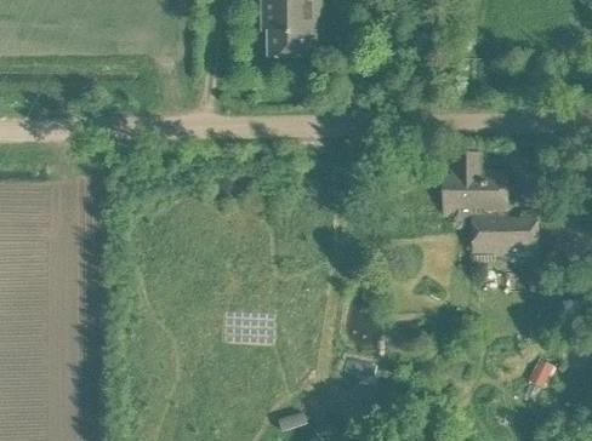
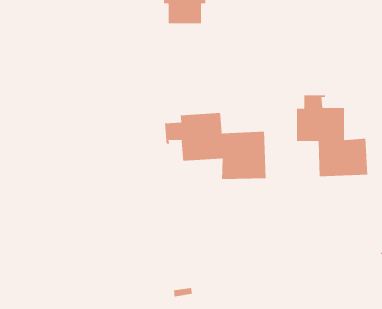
building: none -> [164,112,266,180]

